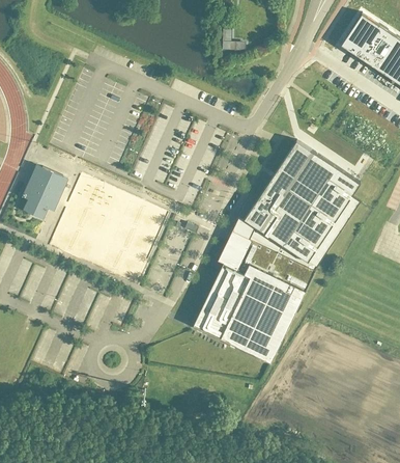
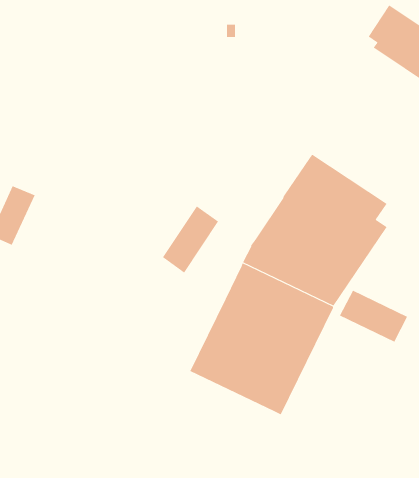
building: none -> [162,205,219,273]
building: none -> [339,290,408,342]

